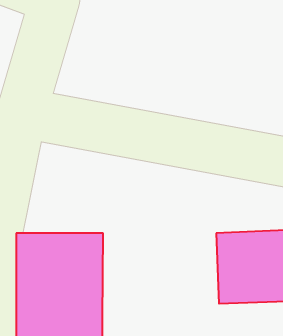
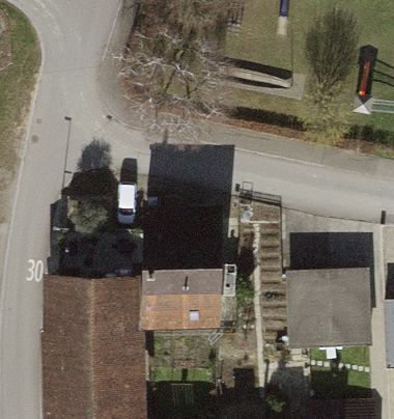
building: none -> [145,267,223,331]

